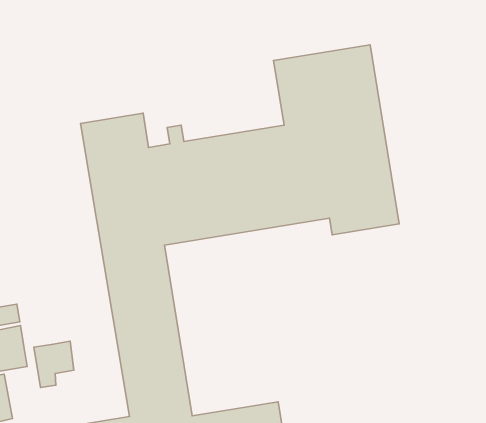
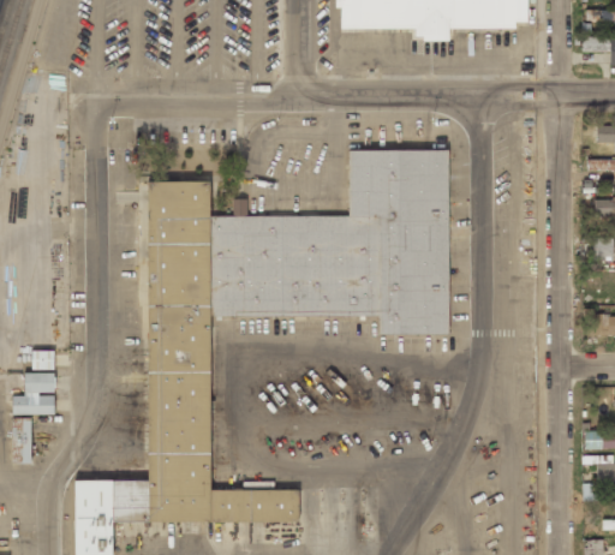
building: [34,341,74,388] -> none

